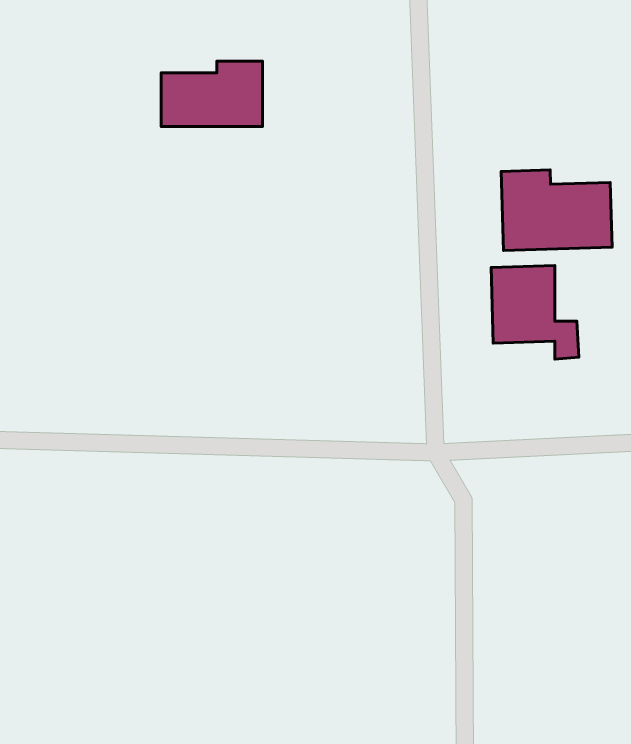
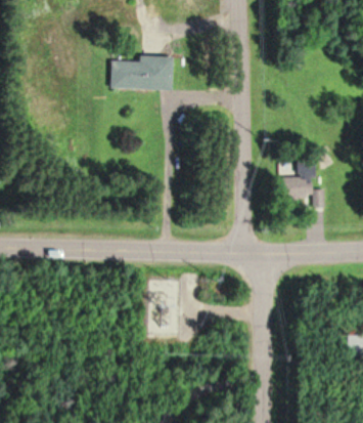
building: [501,170,612,250] -> none

